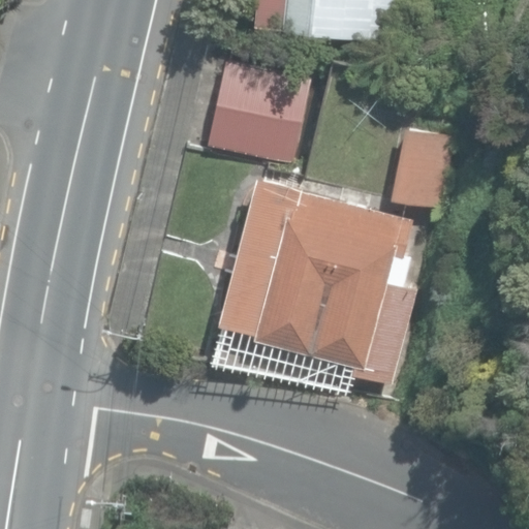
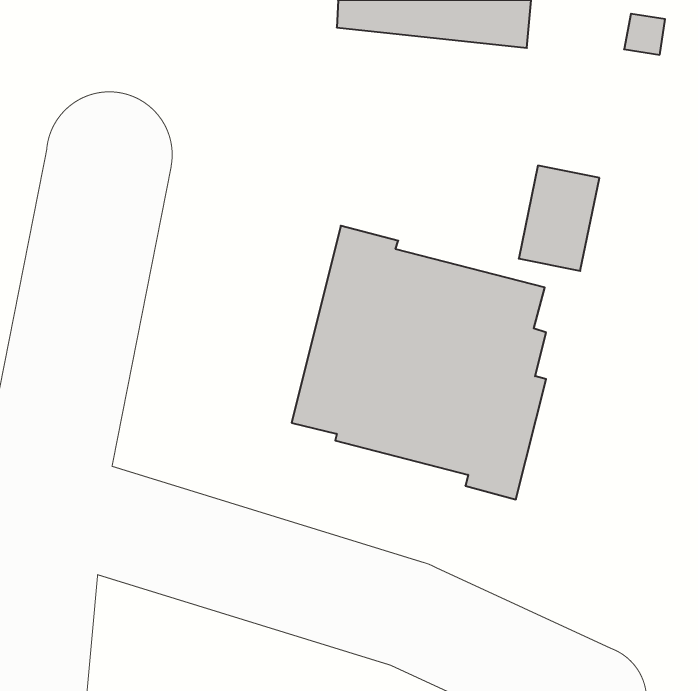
building: [205,58,311,165] -> none

